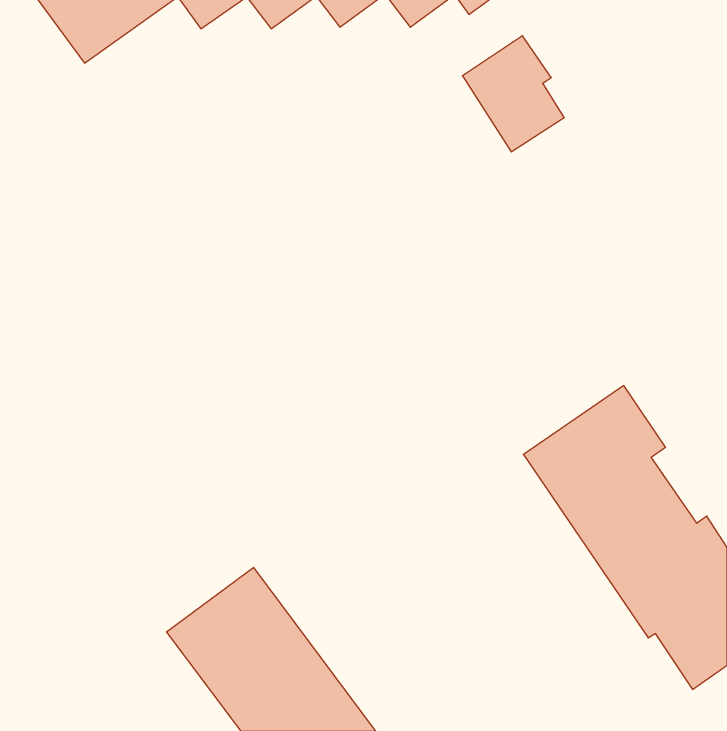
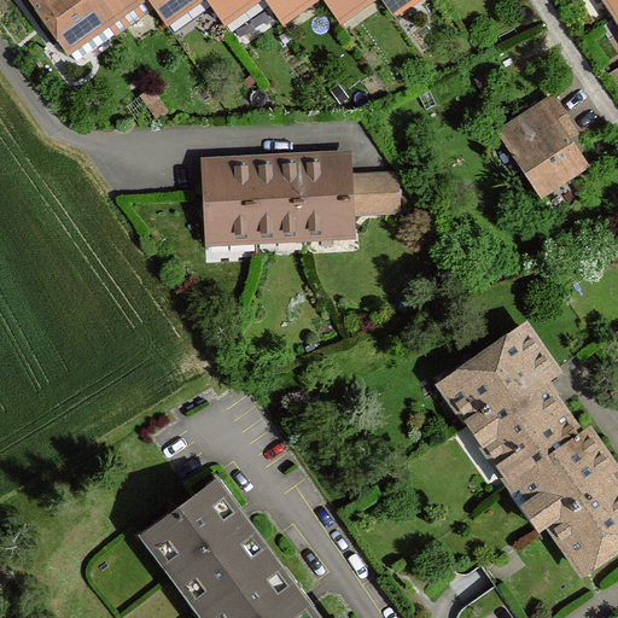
building: [462,36,564,152] -> [496,98,582,196]
building: none -> [202,154,396,244]

